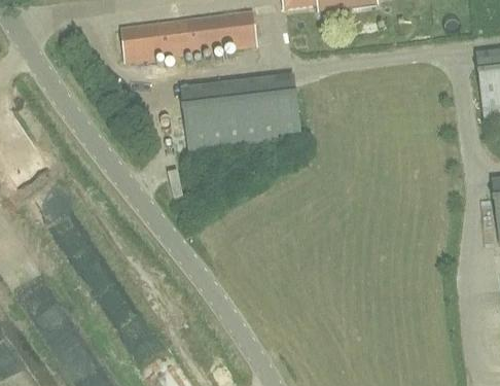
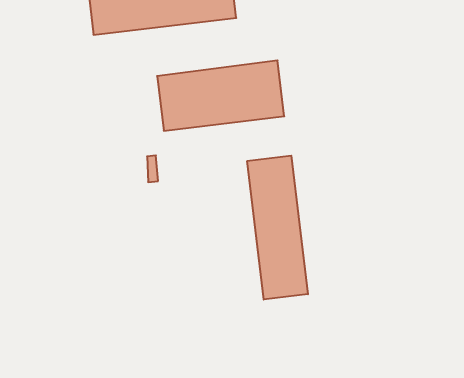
building: none -> [247,156,308,300]

